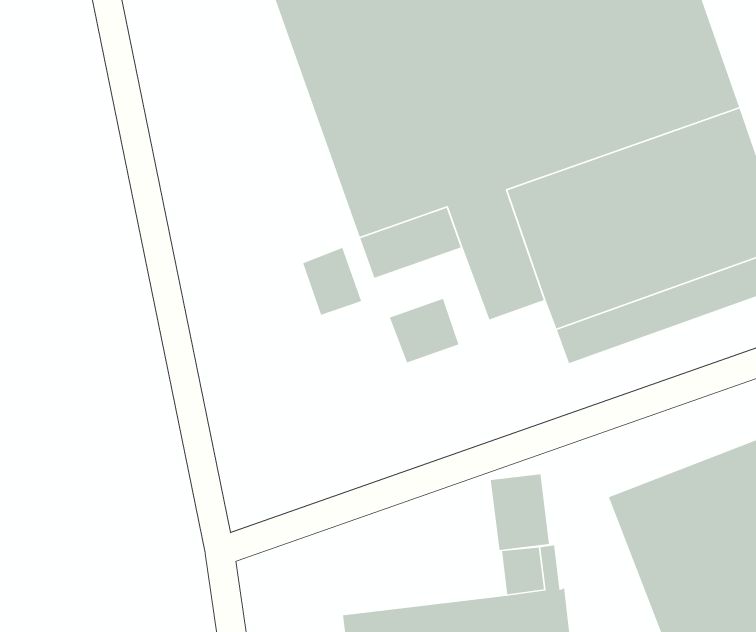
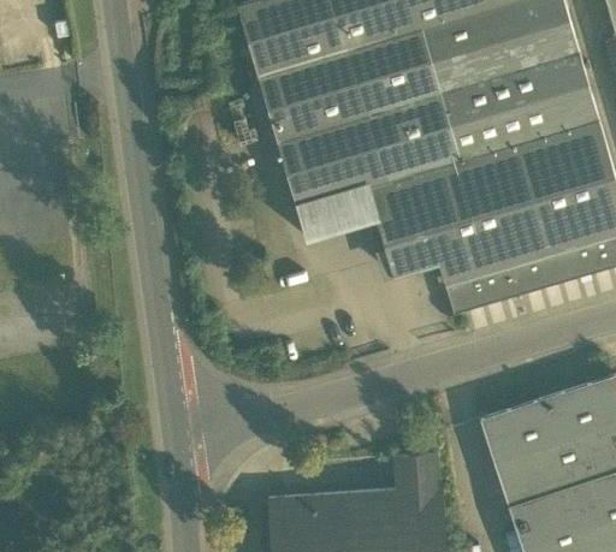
building: [302,247,362,316] -> none
building: [389,298,460,363] -> none
building: [490,473,550,551] -> none

